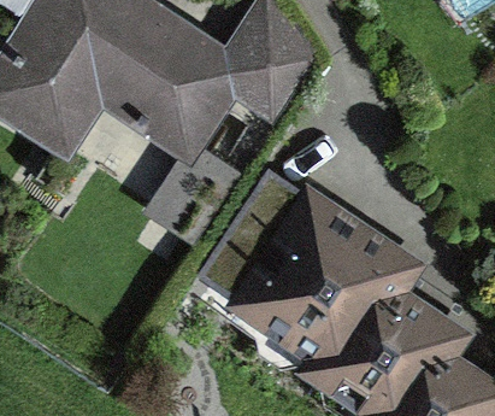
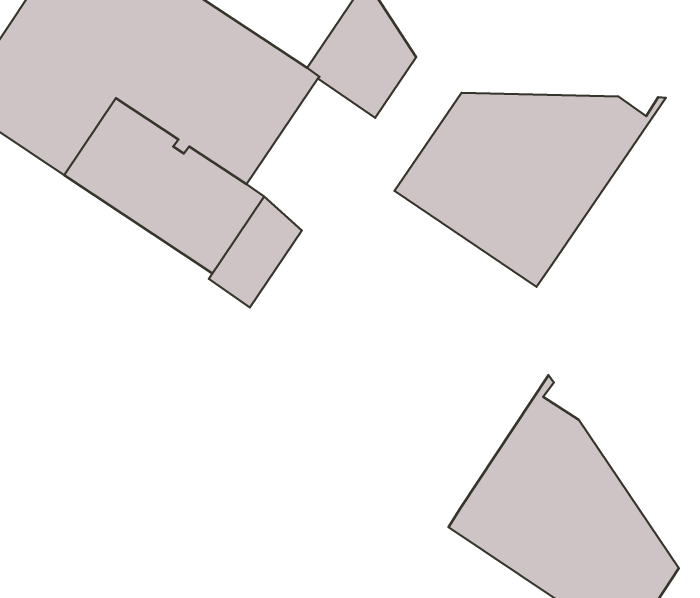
building: none -> [394,93,666,287]
building: [242,180,388,345] -> none

